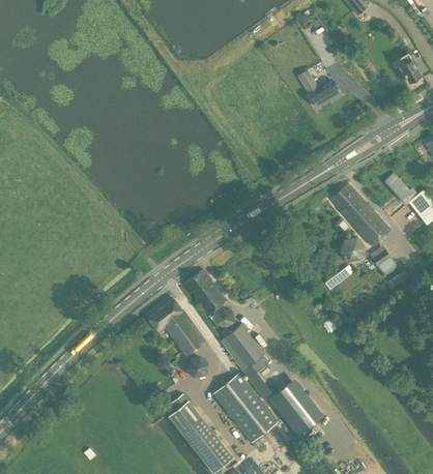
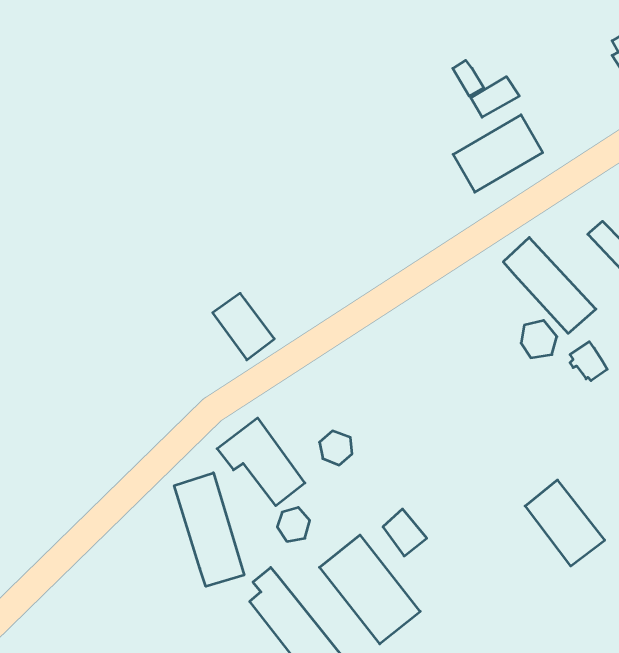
building: none -> [453,115,543,192]
building: [185,270,225,313] -> [213,293,274,360]
building: [224,324,263,365] -> none
building: none -> [174,473,244,586]
building: [268,381,319,436] -> [525,480,605,566]

